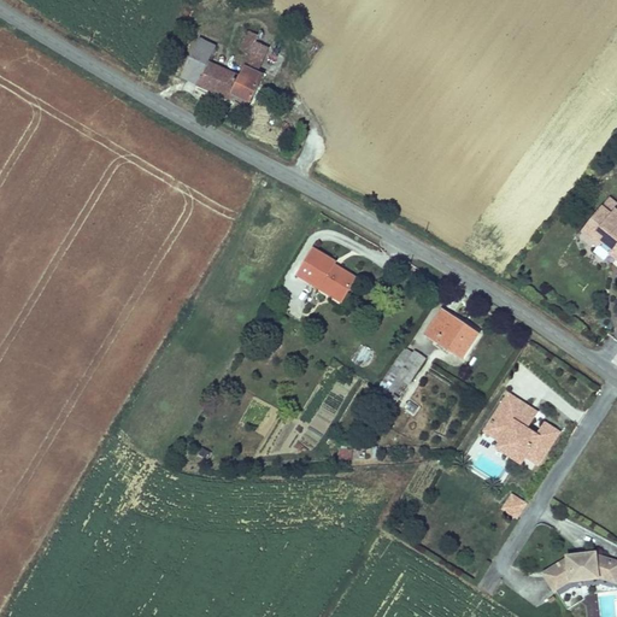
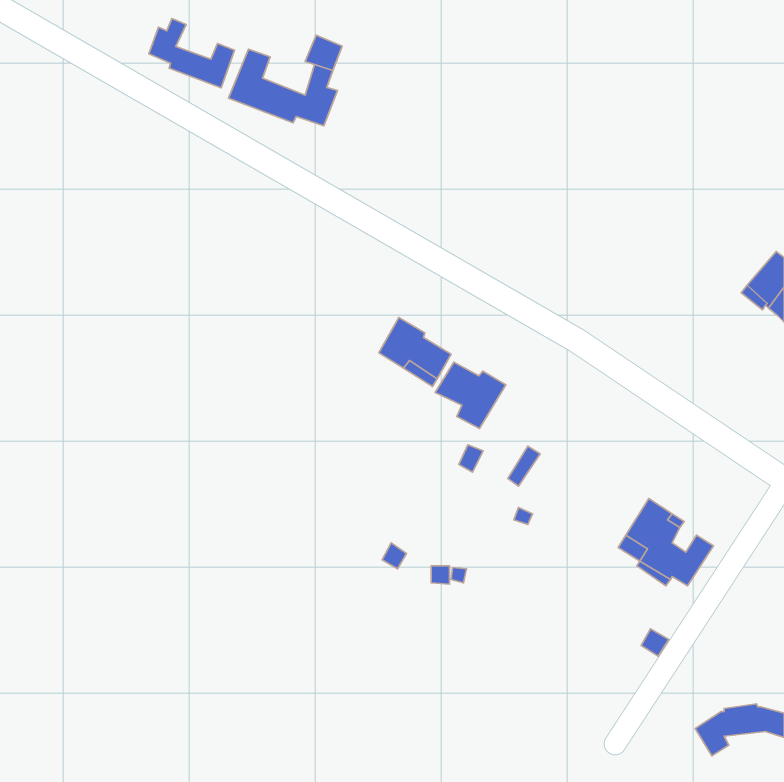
building: none -> [149,18,235,88]
building: none -> [435,362,506,429]
building: [427,311,476,358] -> none

